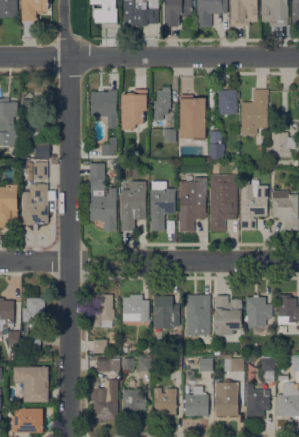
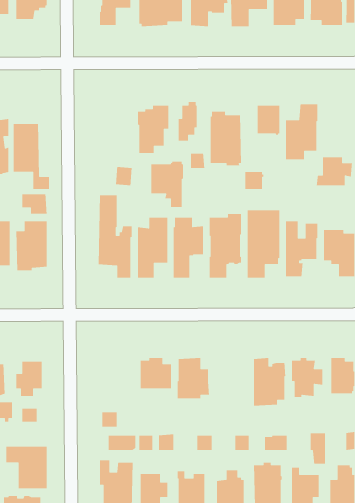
building: [90,89,117,127] -> [151,161,184,208]
building: [92,294,115,327] -> none
building: [186,295,210,337] -> none

